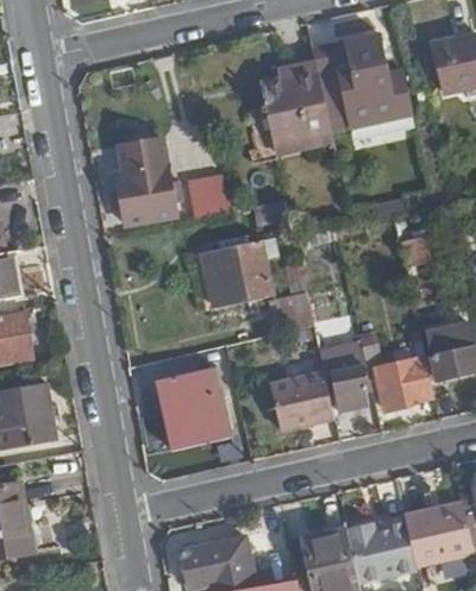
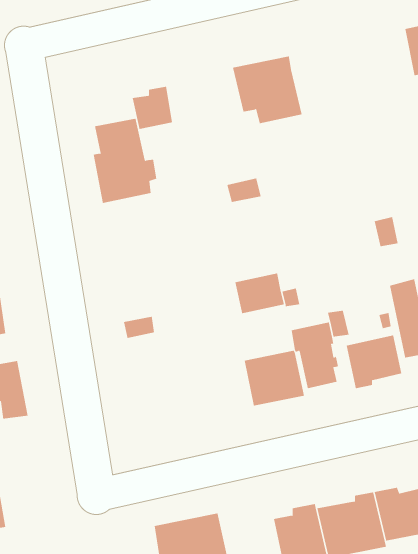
building: [312,36,412,127] -> none
building: [186,174,227,218] -> [132,86,173,129]
building: [205,239,273,307] -> none
building: [165,372,225,451] -> none

